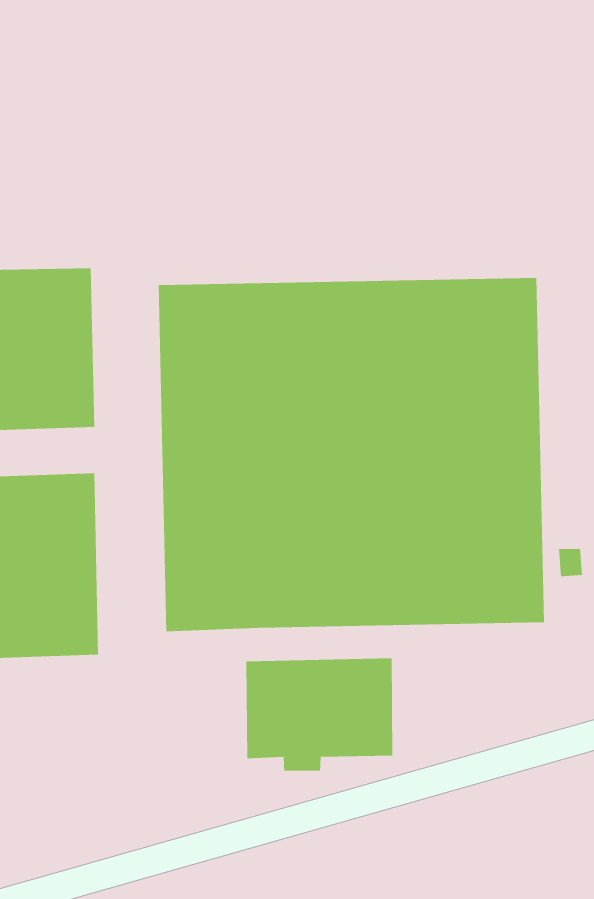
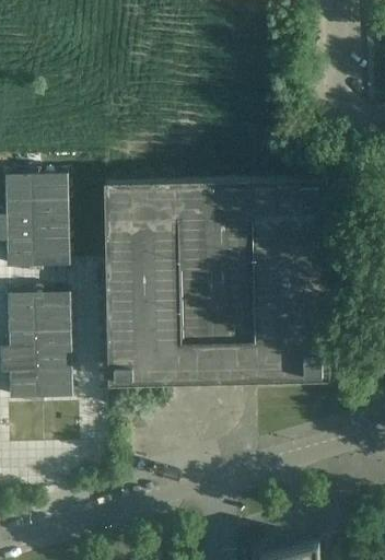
building: [246,658,393,772] -> none

